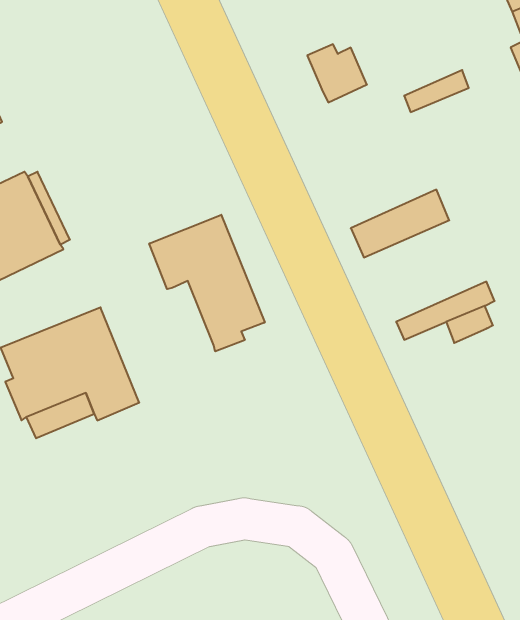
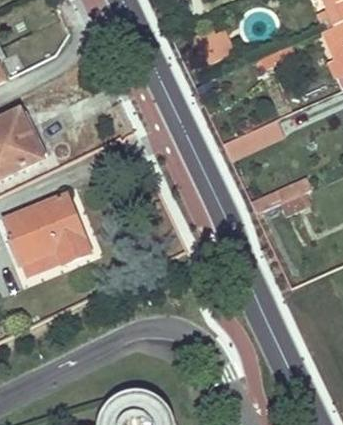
building: [149,215,265,351] -> none

